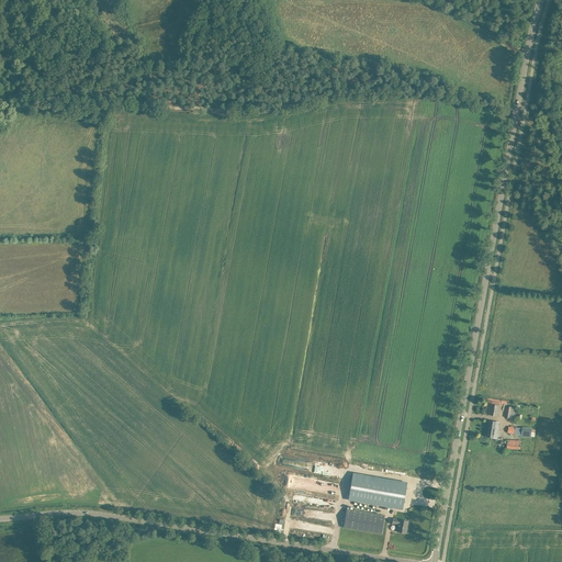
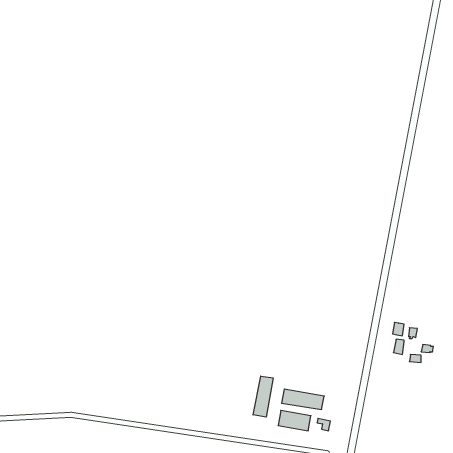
building: none -> [253,376,273,417]

